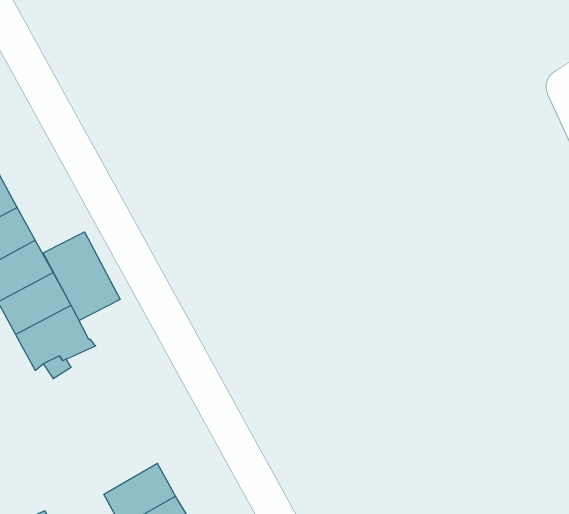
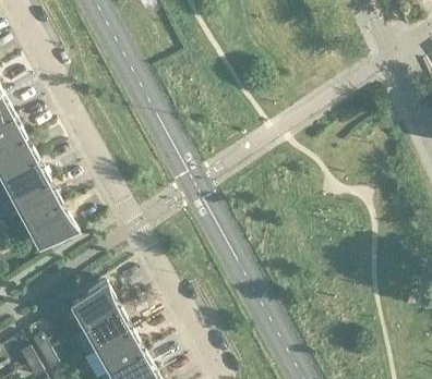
building: [43,232,120,320] -> none
building: none -> [70,281,119,331]

